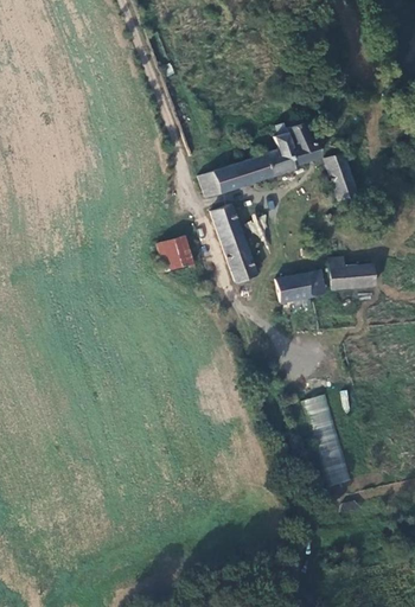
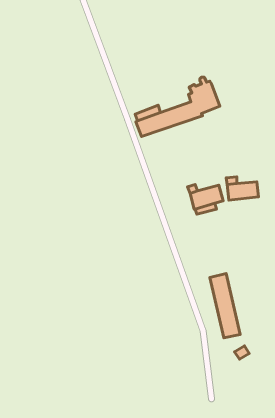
building: [325,152,357,199] -> none
building: [211,206,256,281] -> none
building: [158,237,193,273] -> none

